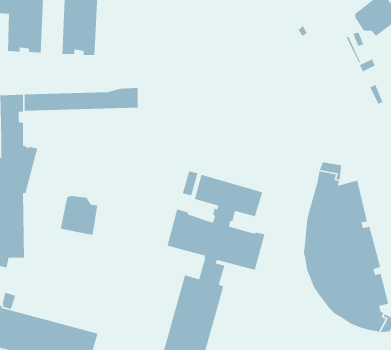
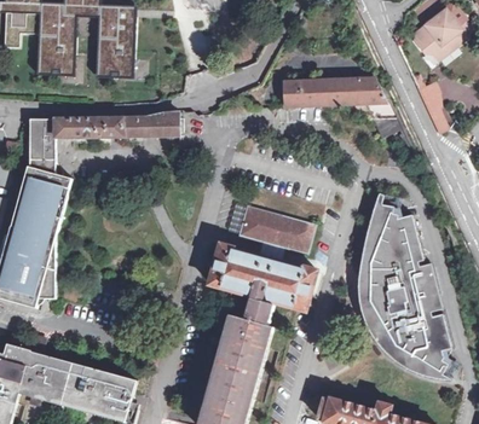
building: none -> [284,77,398,137]
building: [60,195,98,236] -> none

